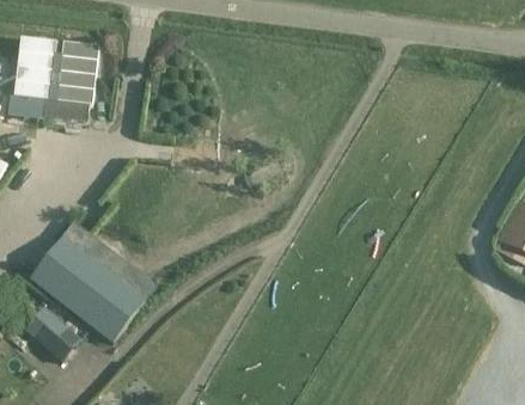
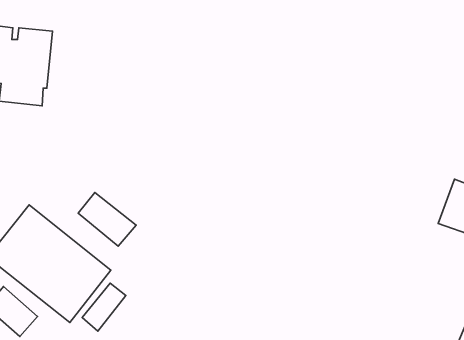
building: none -> [78,193,136,246]
building: none -> [82,283,126,331]

